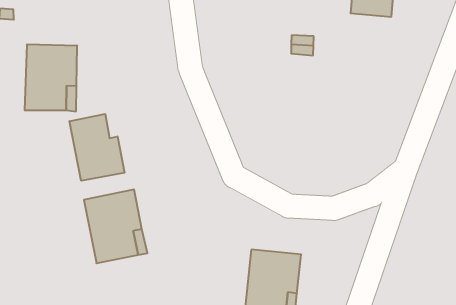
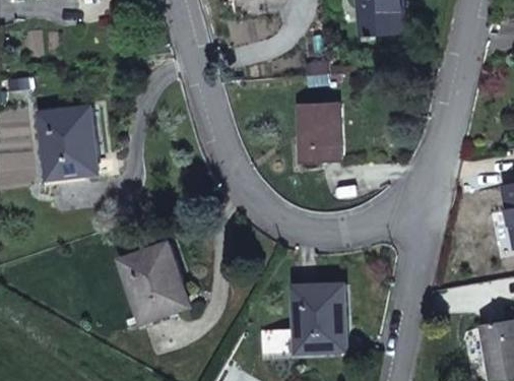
building: none -> [297,103,340,163]
building: [70,114,125,181] -> none

